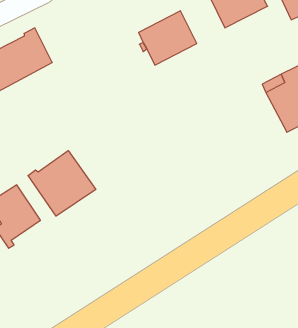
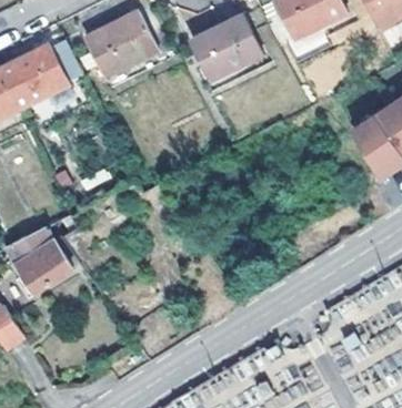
building: none -> [87,14,159,81]
building: [28,151,96,216] -> none

